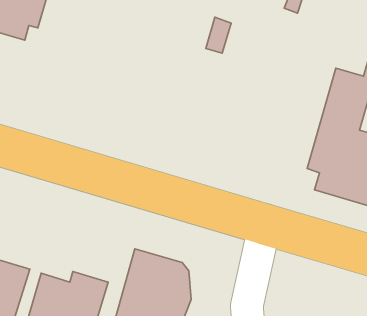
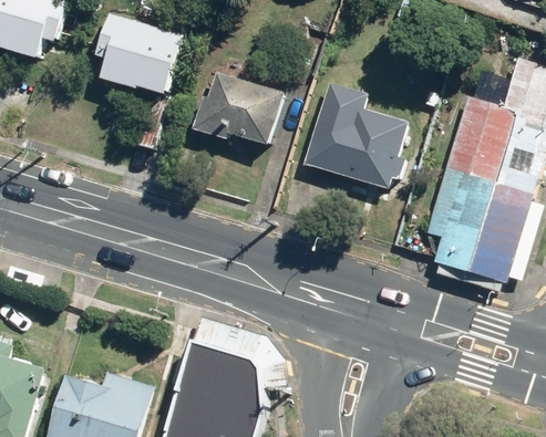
building: none -> [95,13,185,152]
building: none -> [192,72,286,145]
building: none -> [302,84,408,190]

